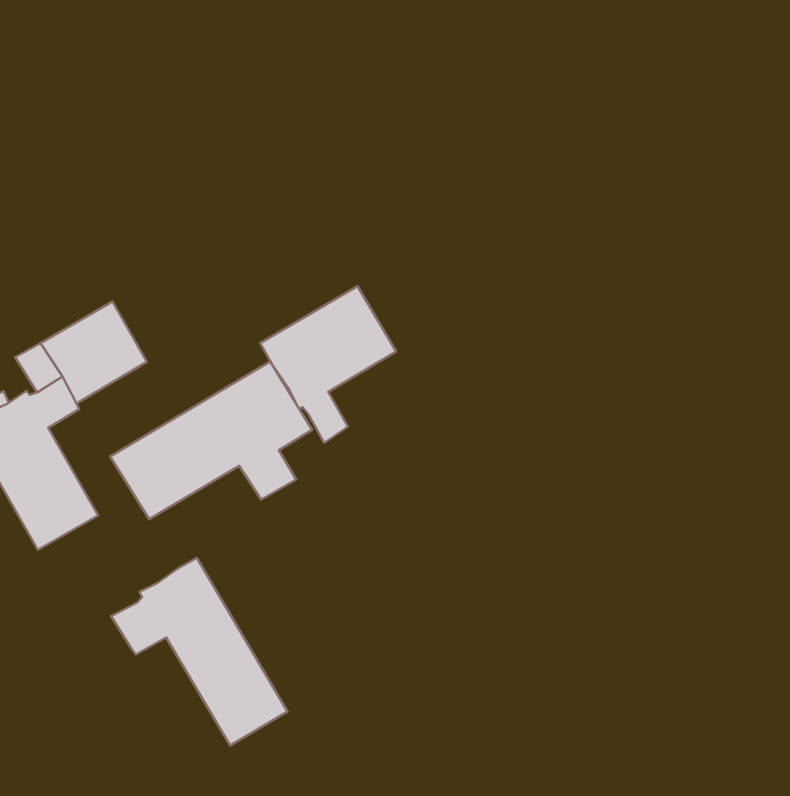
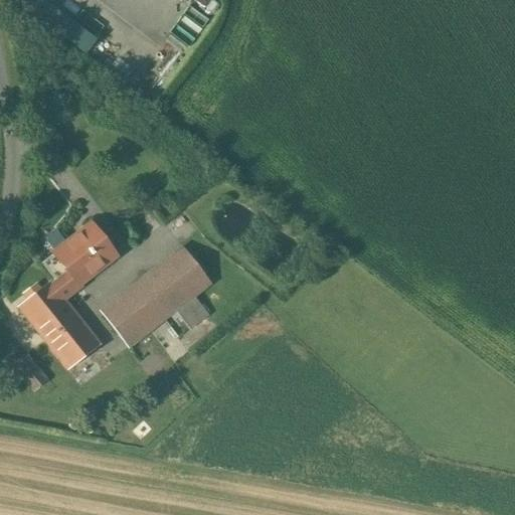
building: [260,286,396,443] -> none
building: [111,558,287,745] -> none

